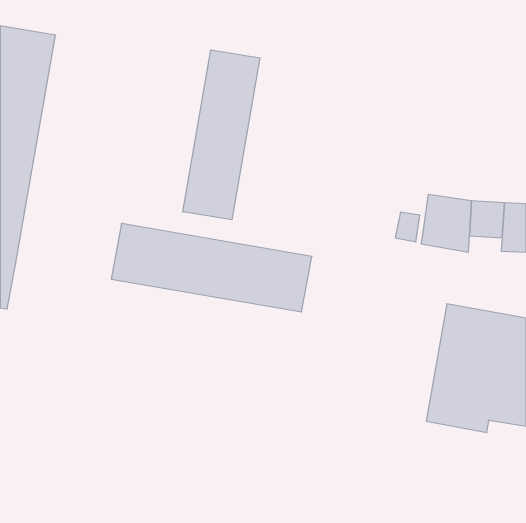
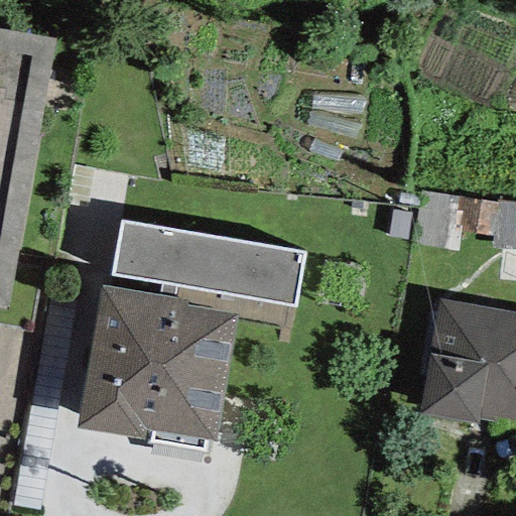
building: [183,50,260,220] -> none
building: none -> [75,283,236,446]

